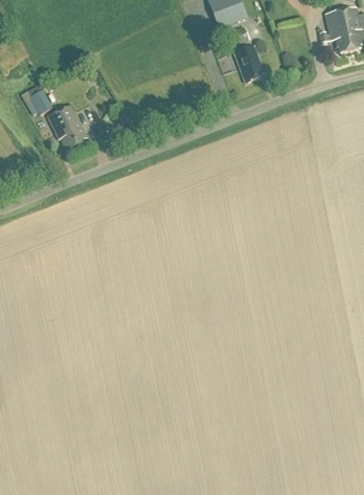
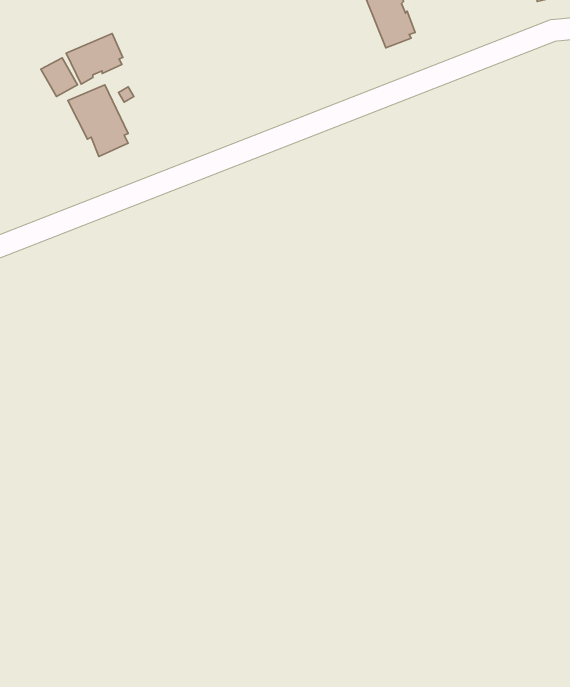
building: none -> [66,33,123,84]

